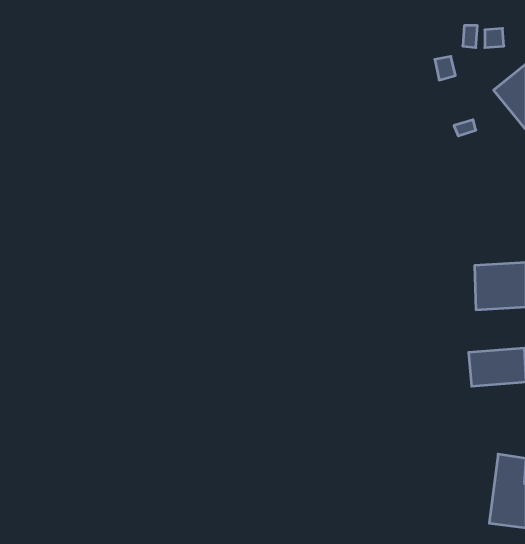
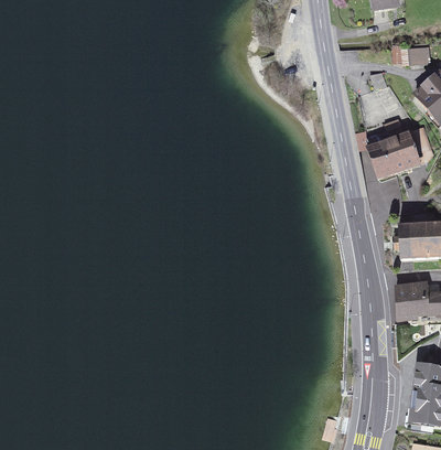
building: none -> [367,129,432,176]

